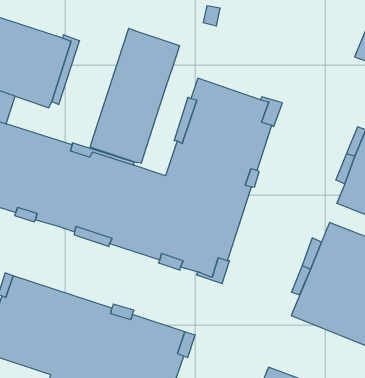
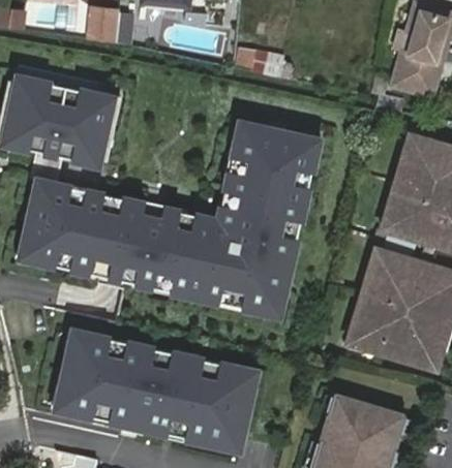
building: [90,28,179,163] -> none

